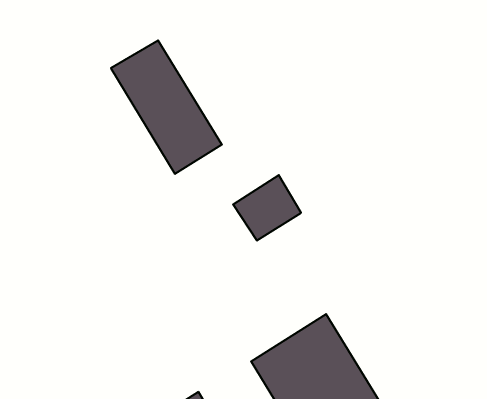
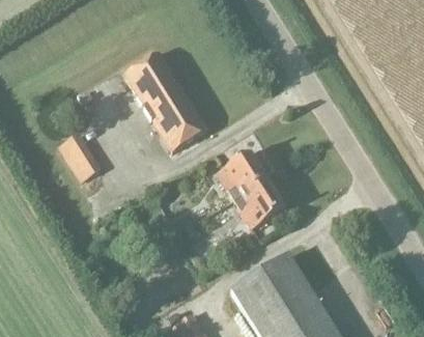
building: none -> [60,128,101,174]
building: none -> [234,175,285,225]

